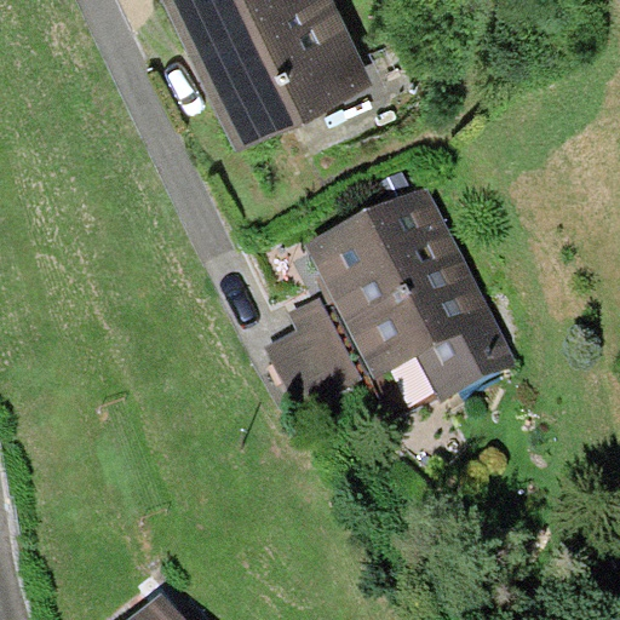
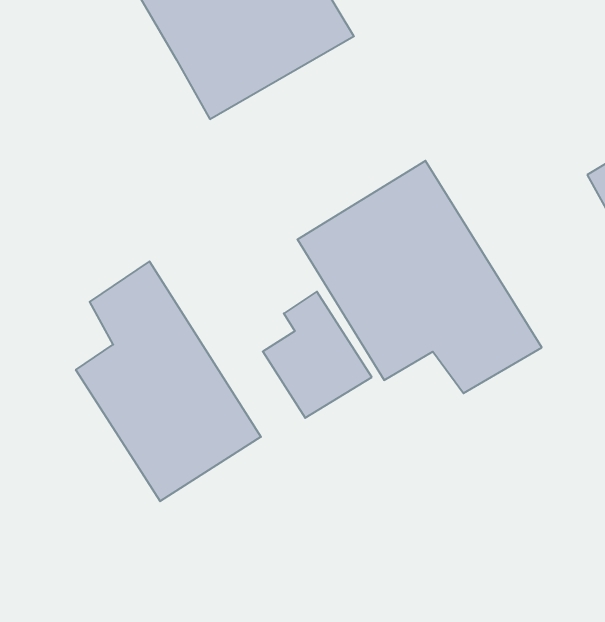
building: none -> [76,261,261,501]

